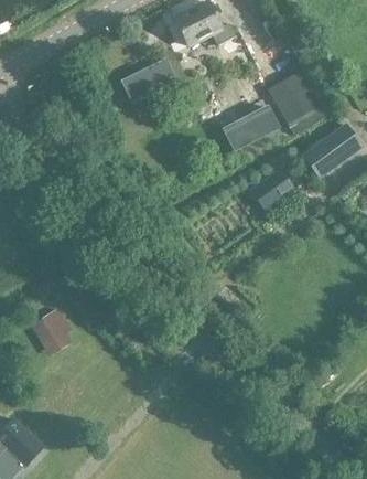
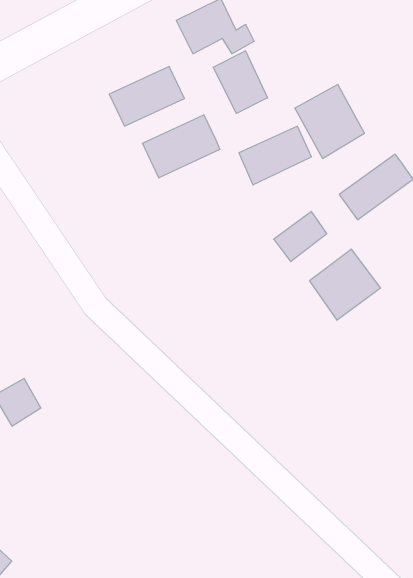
building: none -> [213,51,268,113]
building: none -> [143,115,220,178]
building: none -> [310,249,380,320]

